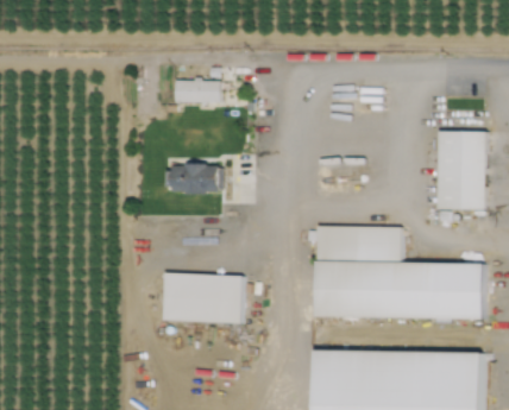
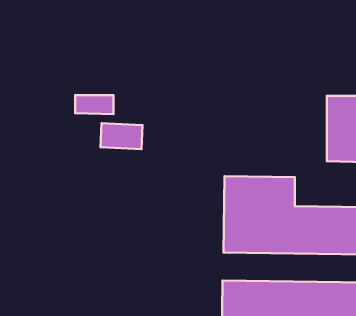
building: [175,80,220,102] -> [75,95,113,114]
building: [164,272,243,322] -> none

